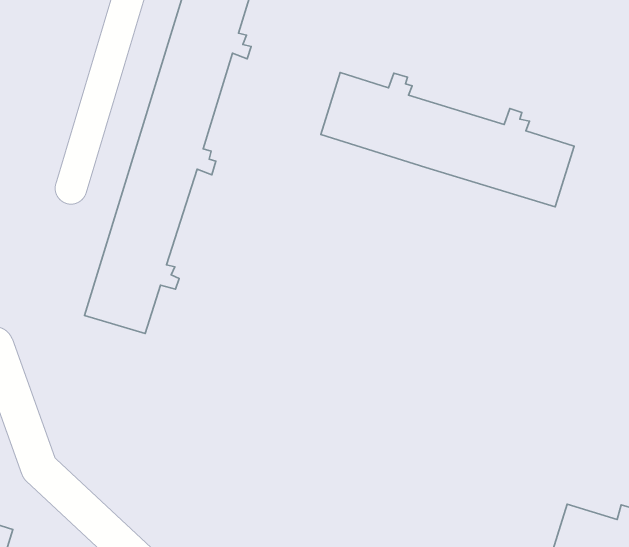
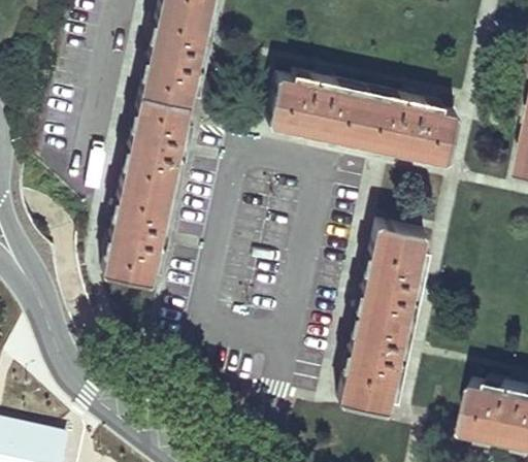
building: none -> [341,226,427,415]

